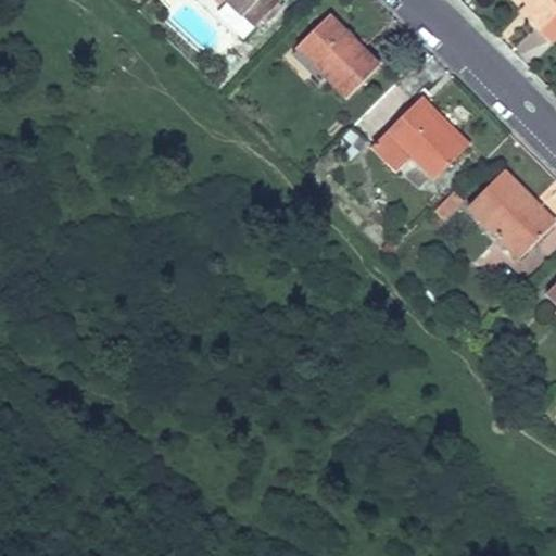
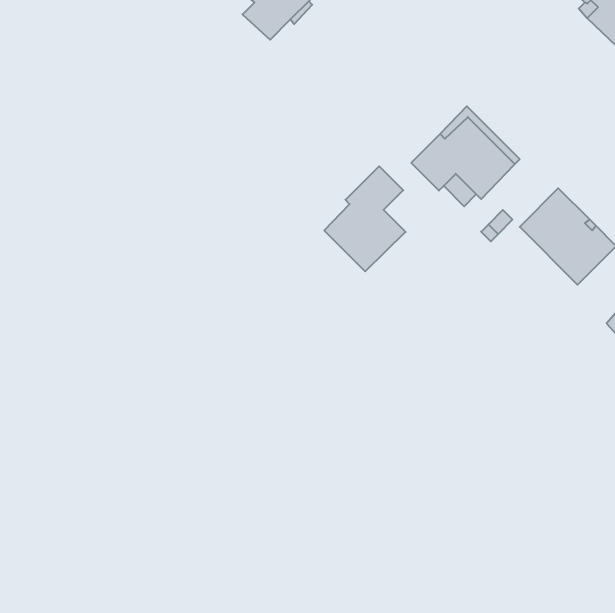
building: [298,13,381,98] -> none
building: none -> [324,166,406,271]

